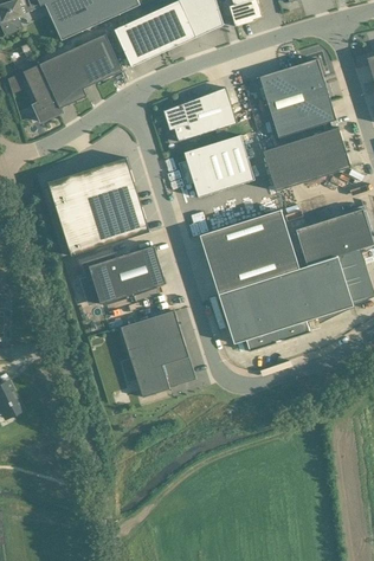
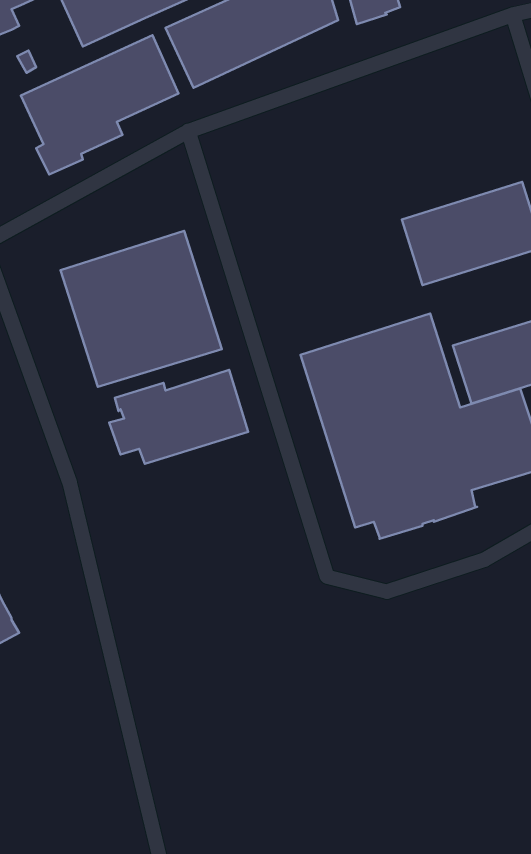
building: [259,58,336,137] -> none
building: [163,86,237,141] -> none
building: [178,134,254,196] -> none
building: [120,309,195,396] -> none

